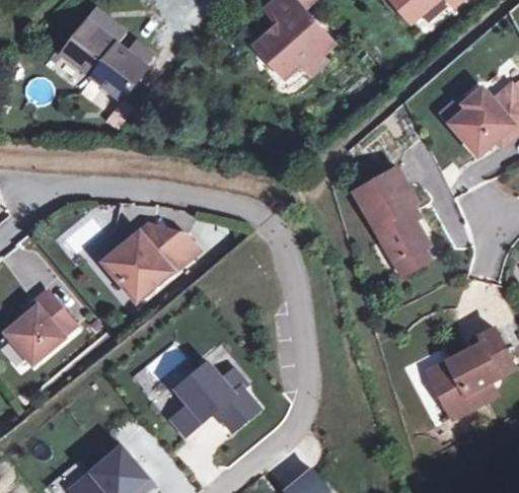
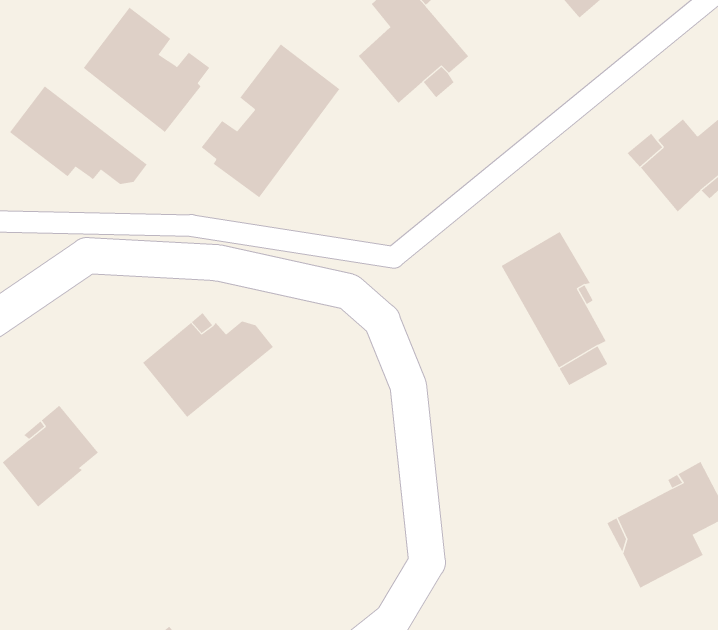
building: none -> [201,44,340,198]
building: none -> [9,86,148,185]
building: [171,361,258,433] -> none

